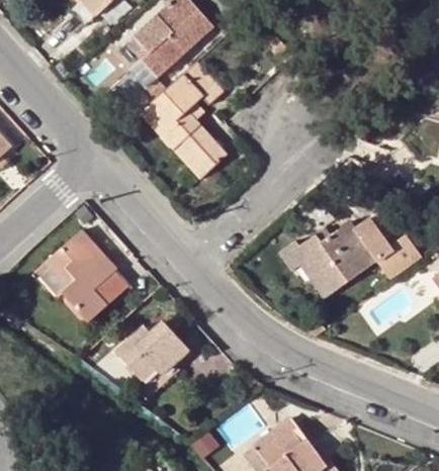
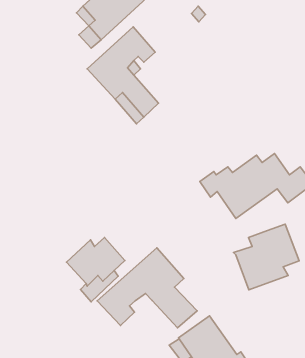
building: [39,229,129,320] -> none
building: none -> [234,224,299,290]
building: none -> [97,248,197,328]

